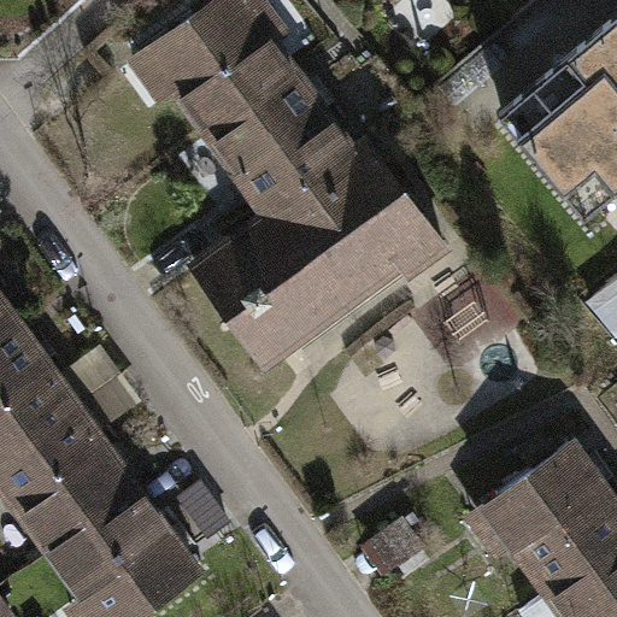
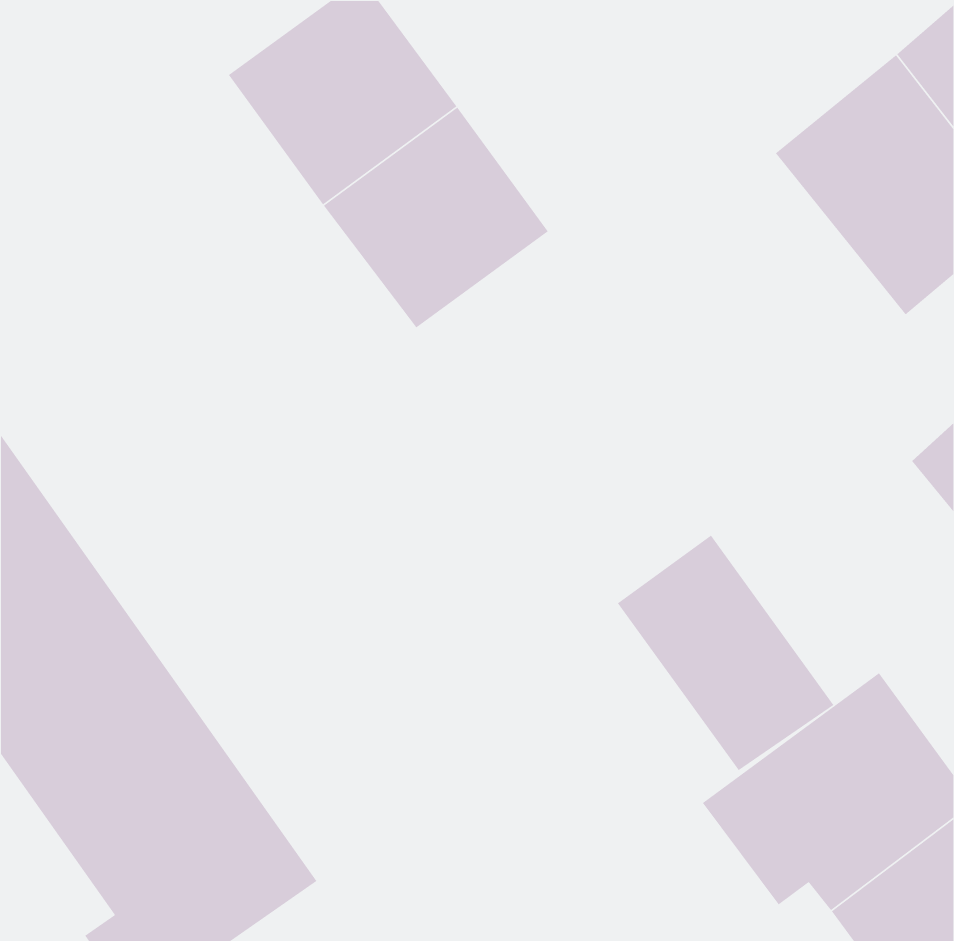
building: [198,148,431,368] -> none
building: none -> [617,534,834,771]

